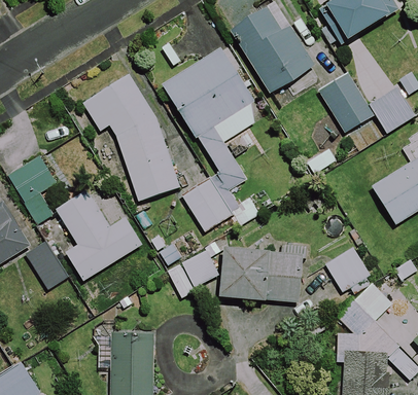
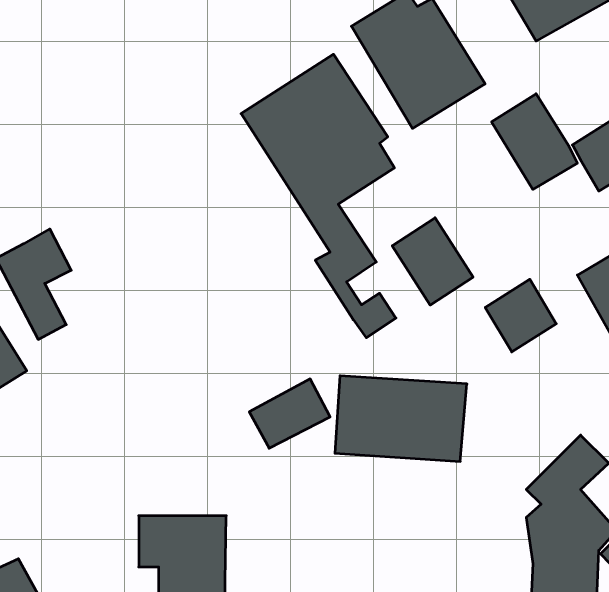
building: [84,77,179,201] -> none
building: [181,176,232,230] -> [392,218,473,305]
building: [56,189,141,280] -> none
building: [26,241,68,288] -> none
building: [324,245,369,290] -> [485,279,556,352]

